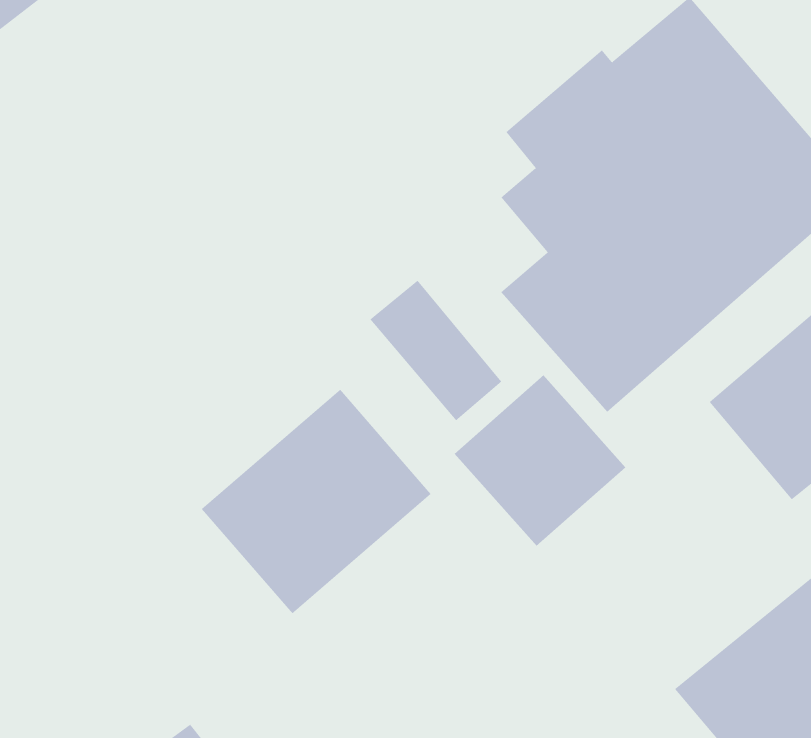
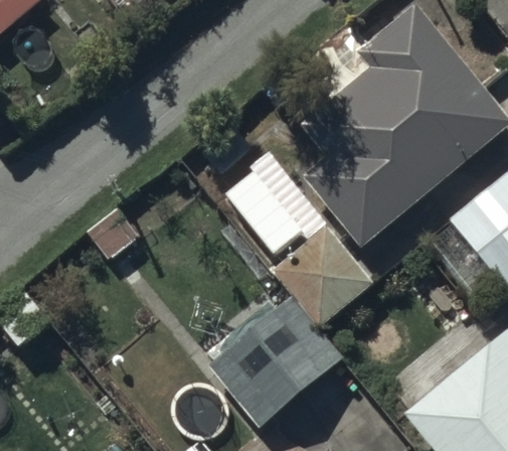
building: [201,389,432,614] -> [208,295,343,427]

